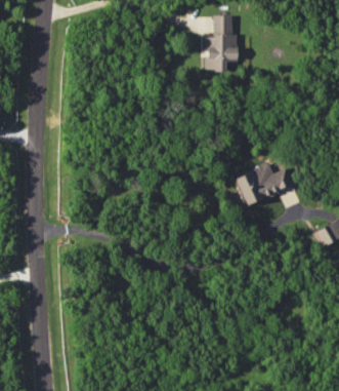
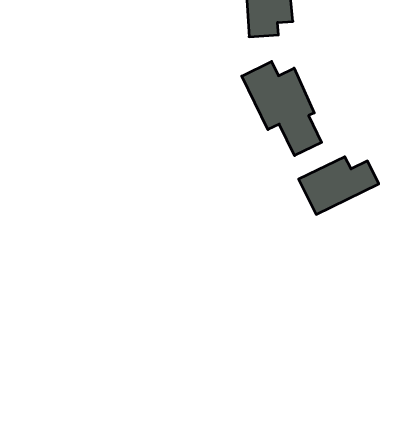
building: none -> [242,61,322,156]

